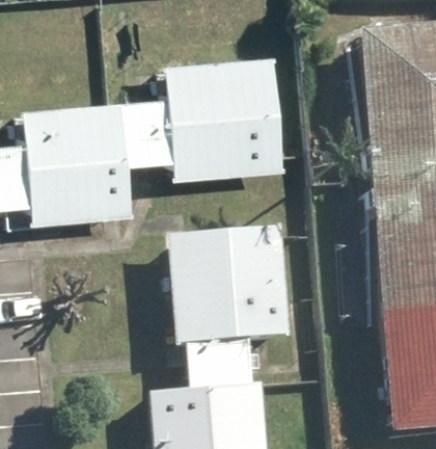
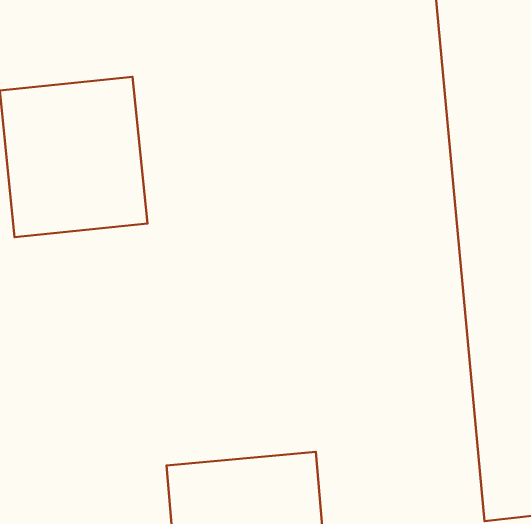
building: [162,56,287,177] -> none
building: [167,230,292,350] -> none

